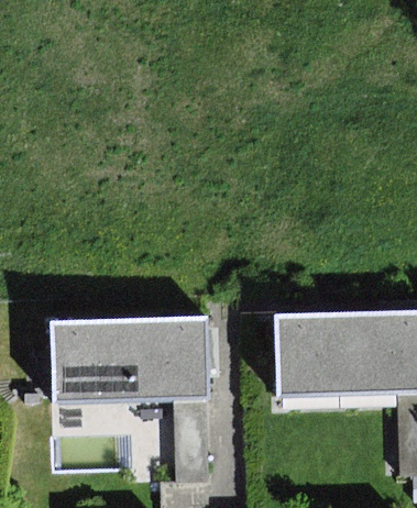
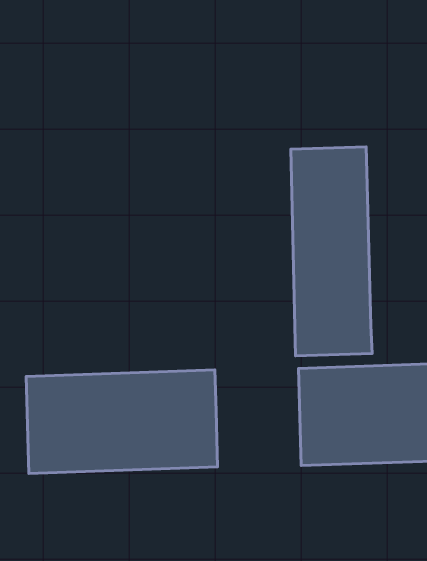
building: none -> [291,147,372,356]

